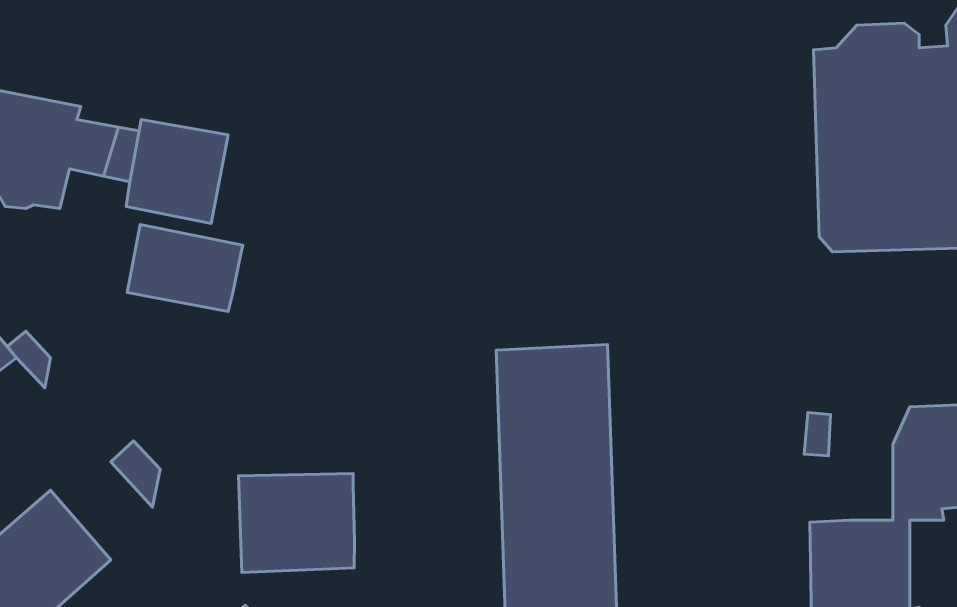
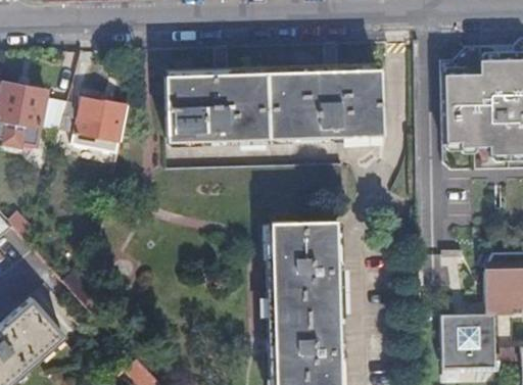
building: none -> [165,71,381,137]
building: [127,224,243,311] -> none
building: [239,474,355,572] -> none

